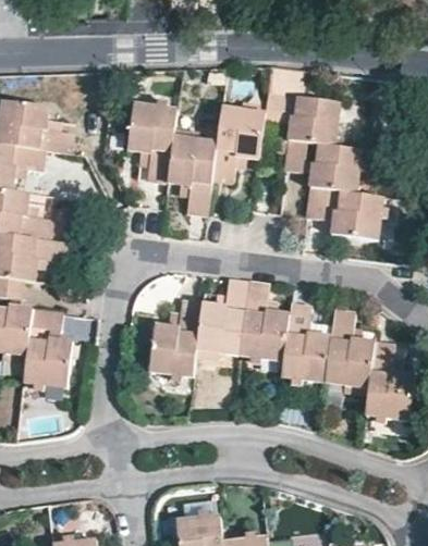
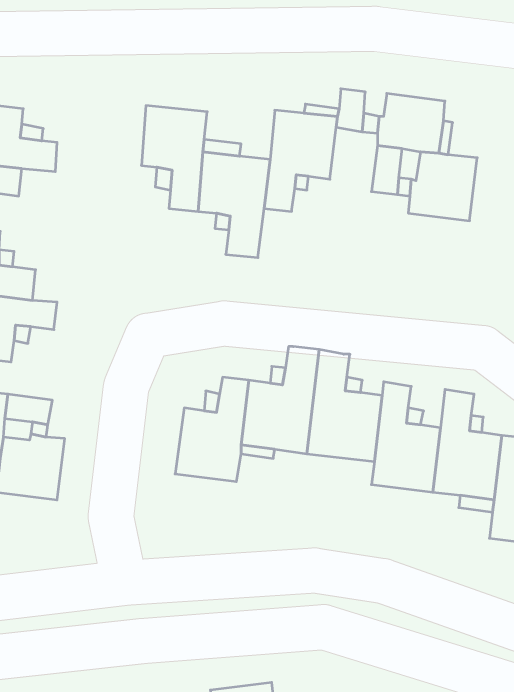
building: [311,183,386,235] -> none

